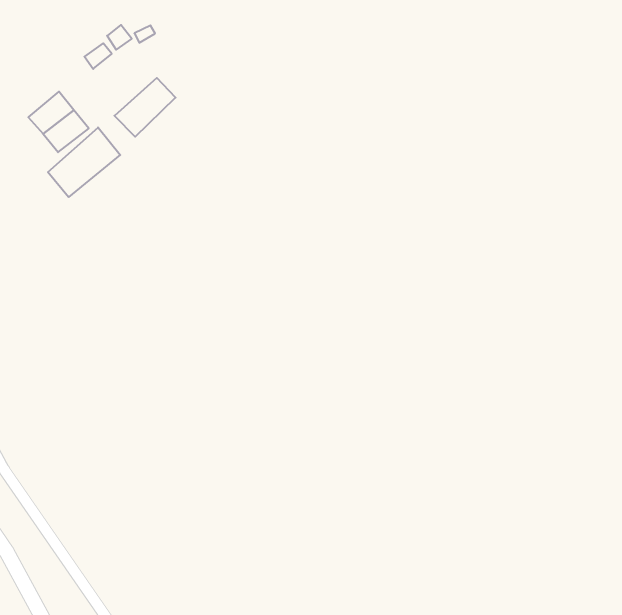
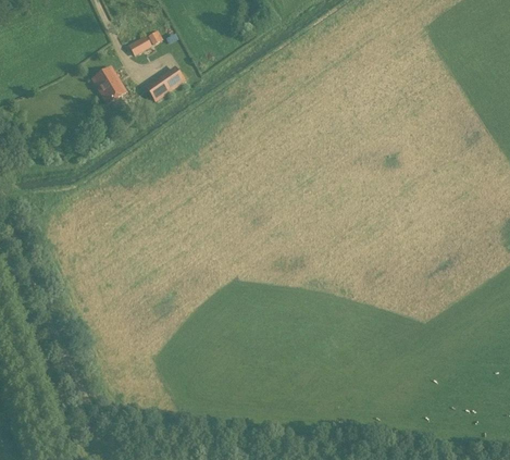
building: [48,127,120,197] -> none

